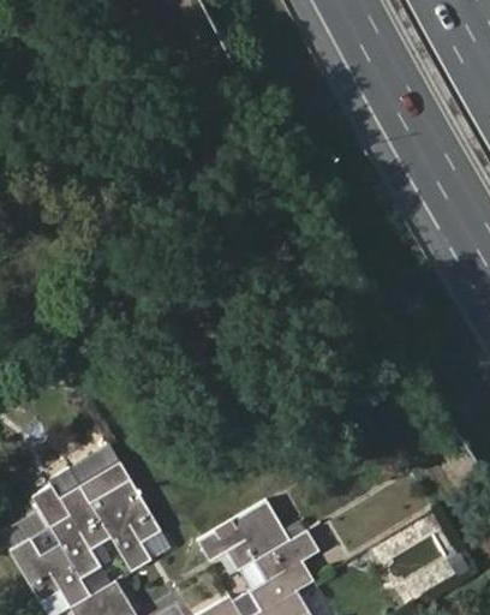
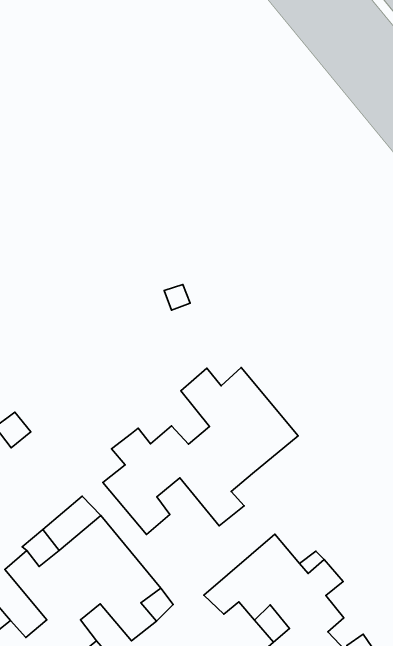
building: none -> [103,368,298,535]

